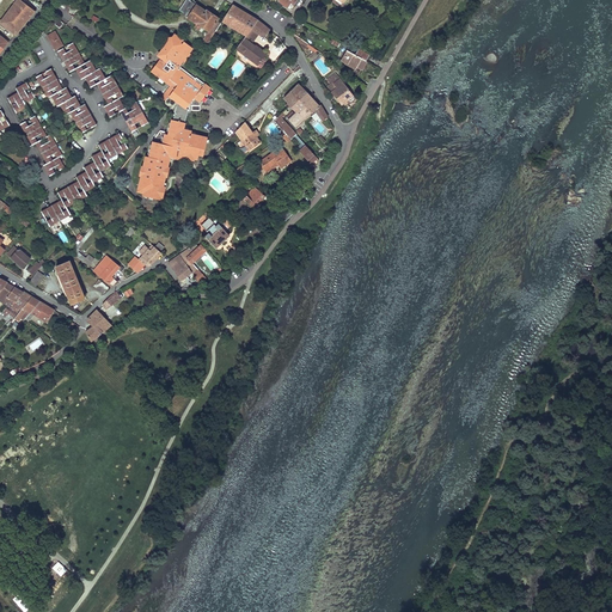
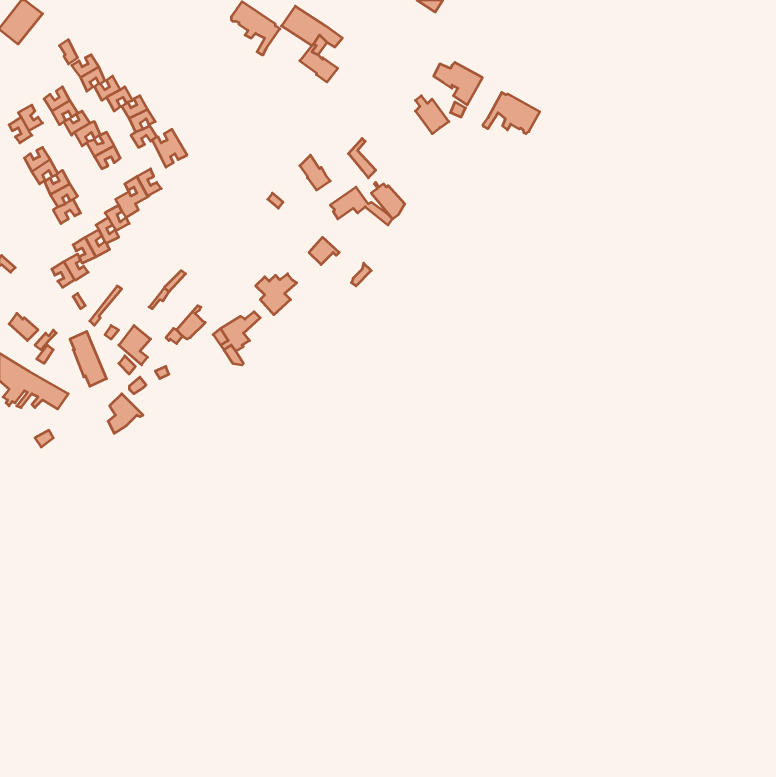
building: [137,33,207,198] -> none
building: none -> [483,92,540,134]
building: [282,84,326,128] -> none

